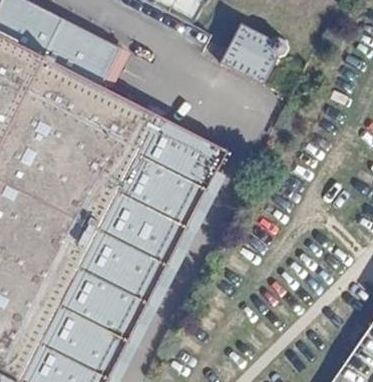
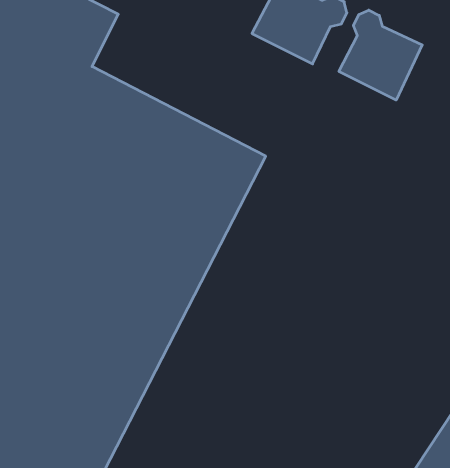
building: none -> [339,10,422,100]

